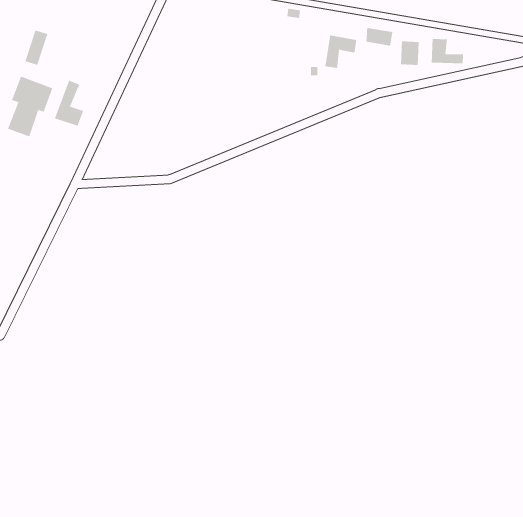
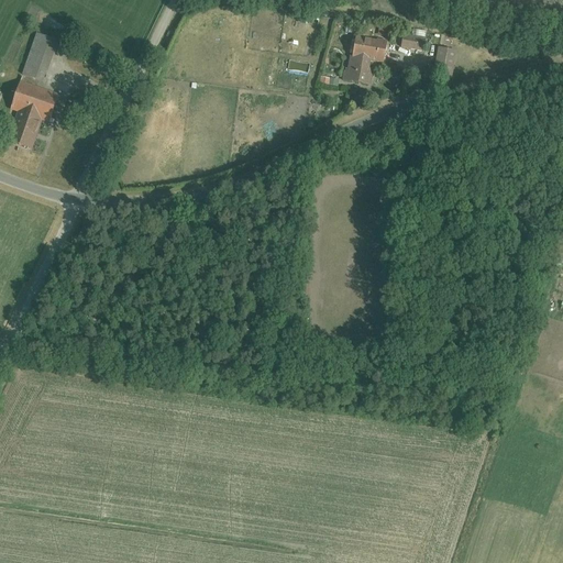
building: [431,38,464,64] -> none
building: [54,80,84,127] -> none

